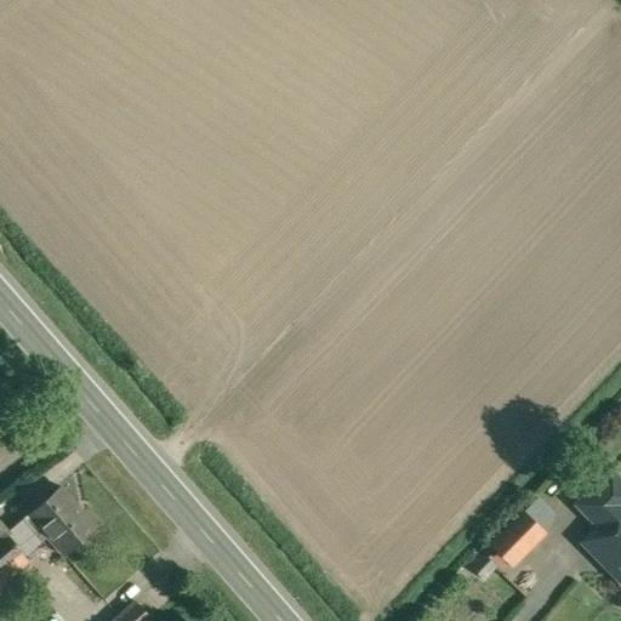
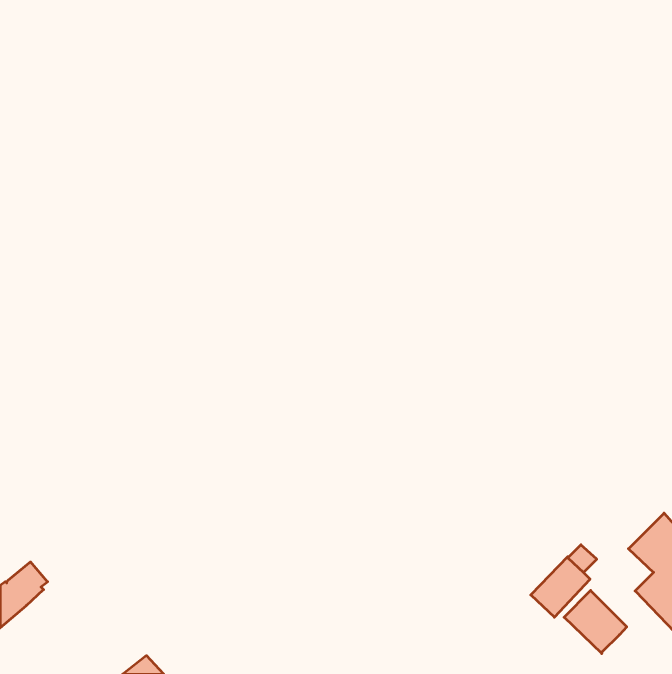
building: [29,488,98,557] -> none
building: none -> [564,590,627,654]

